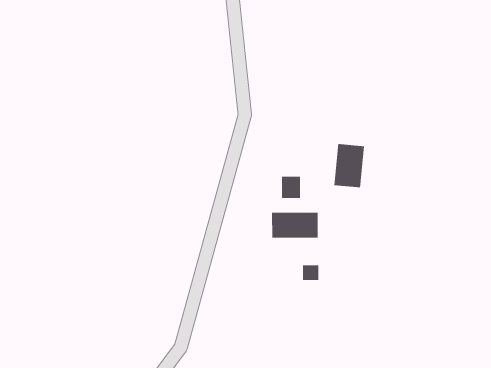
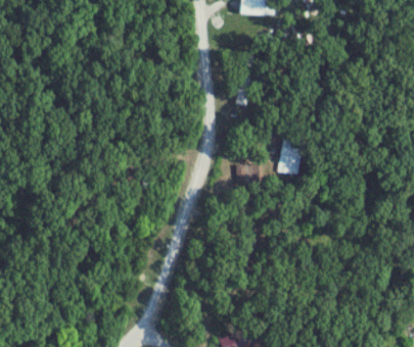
building: [272,212,318,239] -> none

